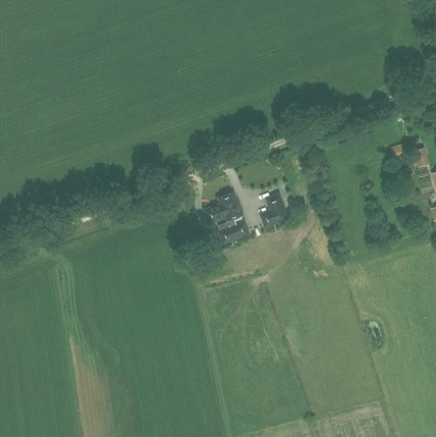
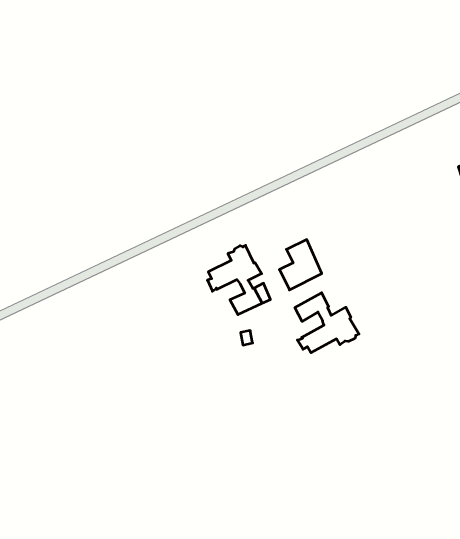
building: none -> [295,293,359,353]

